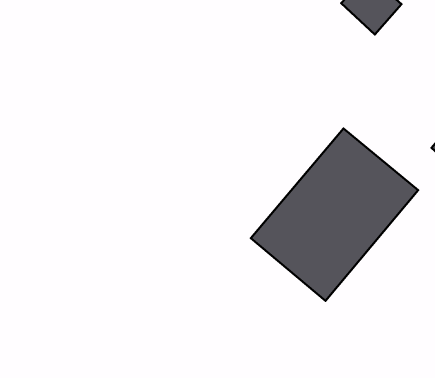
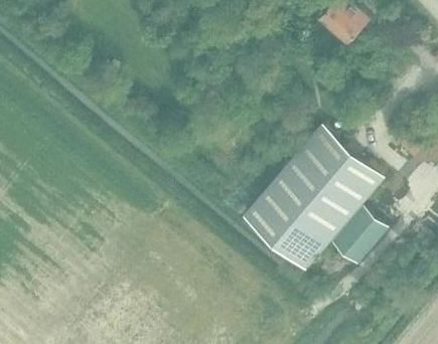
building: none -> [332,209,385,264]

